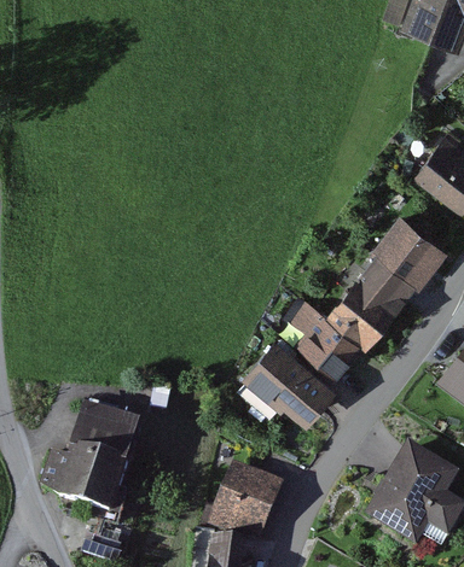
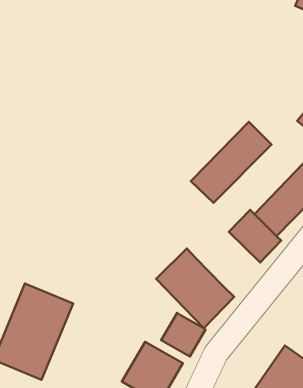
building: none -> [191,122,272,203]
building: [292,326,353,385] -> none
building: none -> [161,313,206,357]

